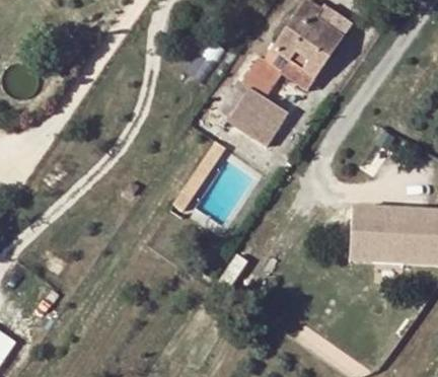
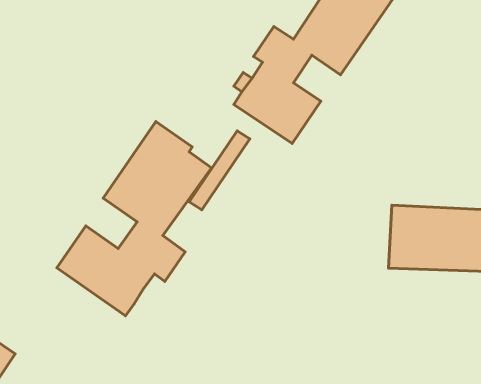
building: none -> [57,122,212,316]

